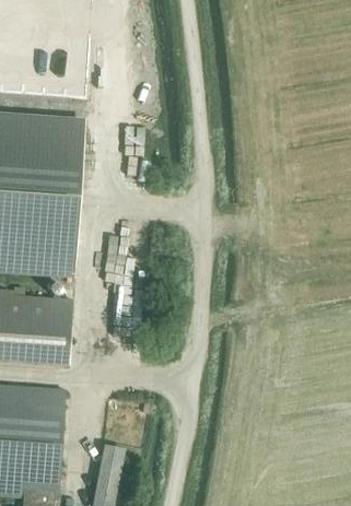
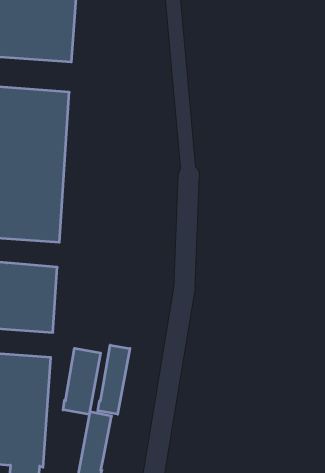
building: none -> [98,345,130,414]
building: none -> [63,348,101,414]

